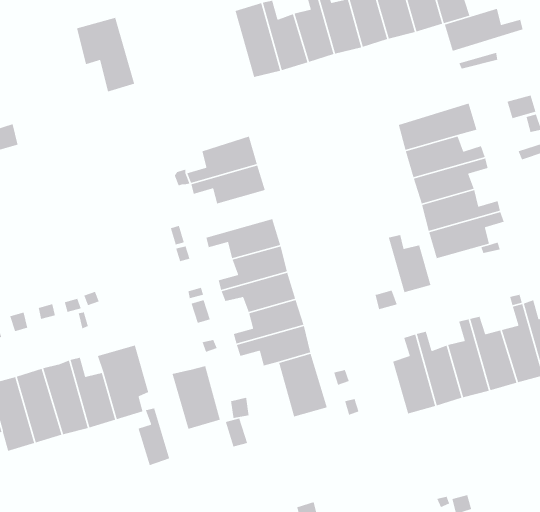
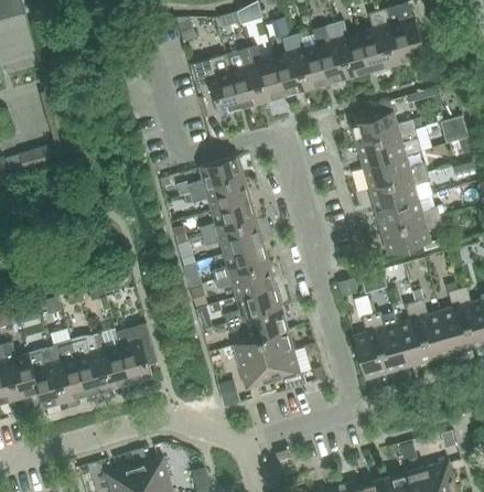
building: [444,8,523,52] -> [349,110,413,146]
building: [76,17,135,93] -> [193,54,240,115]
building: none -> [200,199,256,236]
building: [388,234,432,293] -> none
building: [171,365,221,430] -> [233,336,272,388]
building: [137,407,170,466] -> none

